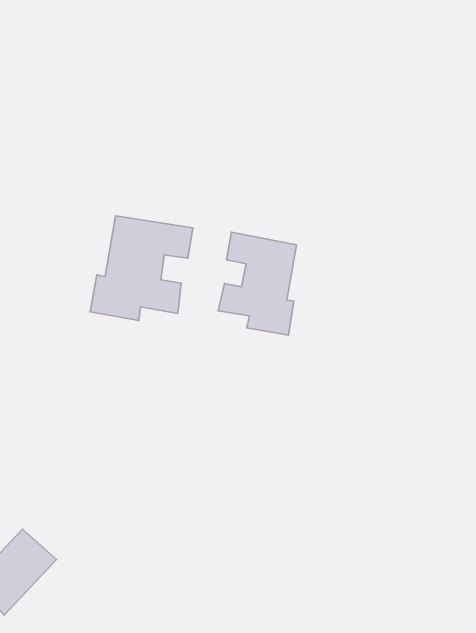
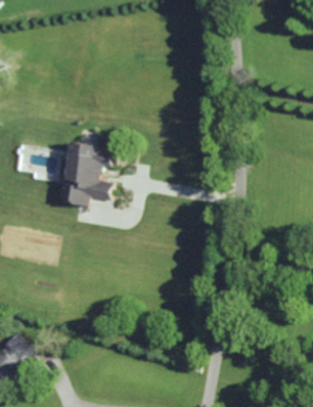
building: [218,232,297,335] -> none

